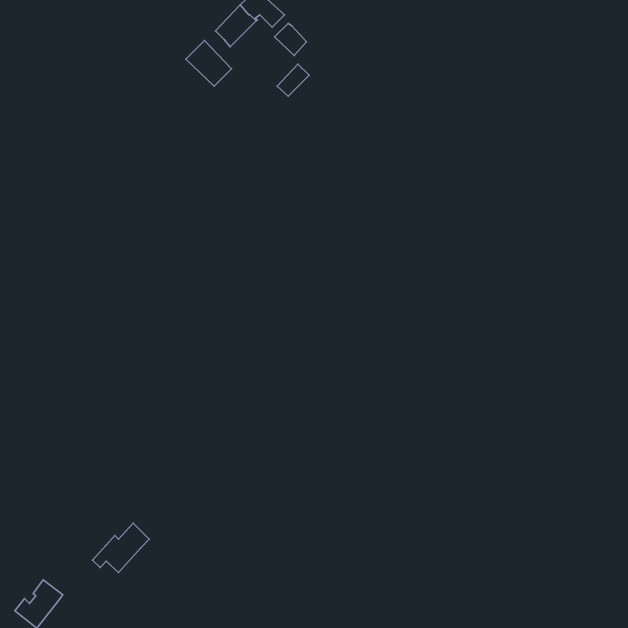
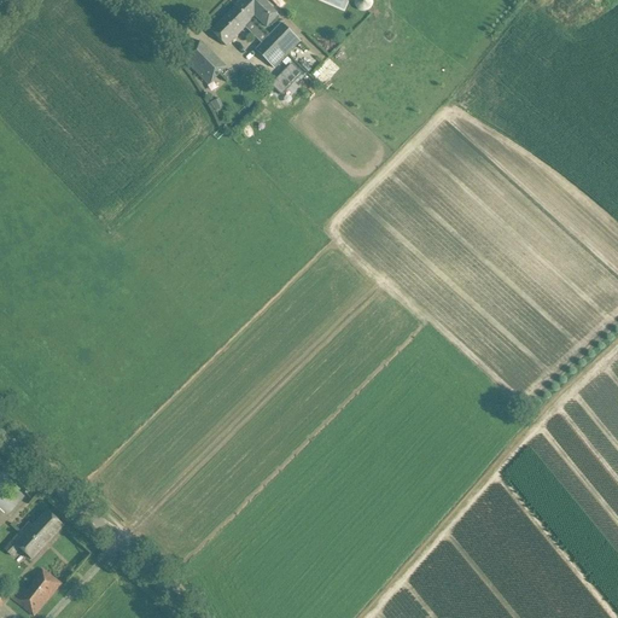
building: none -> [257,36,290,69]
building: [93,523,149,572] -> [8,509,64,558]

